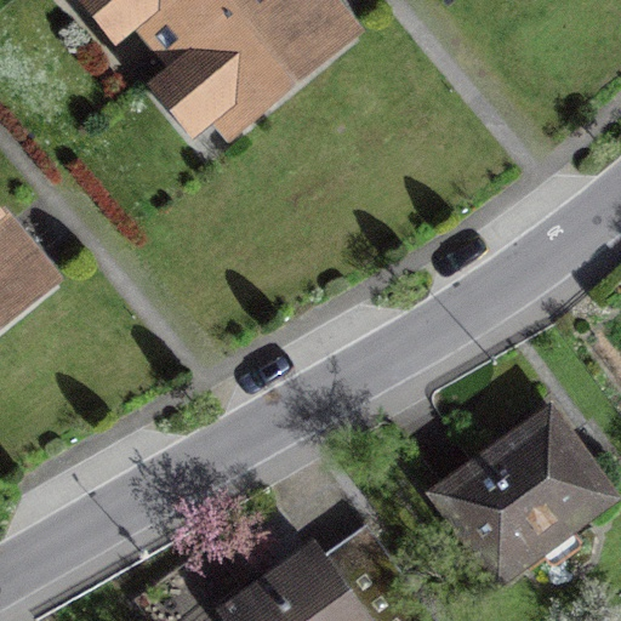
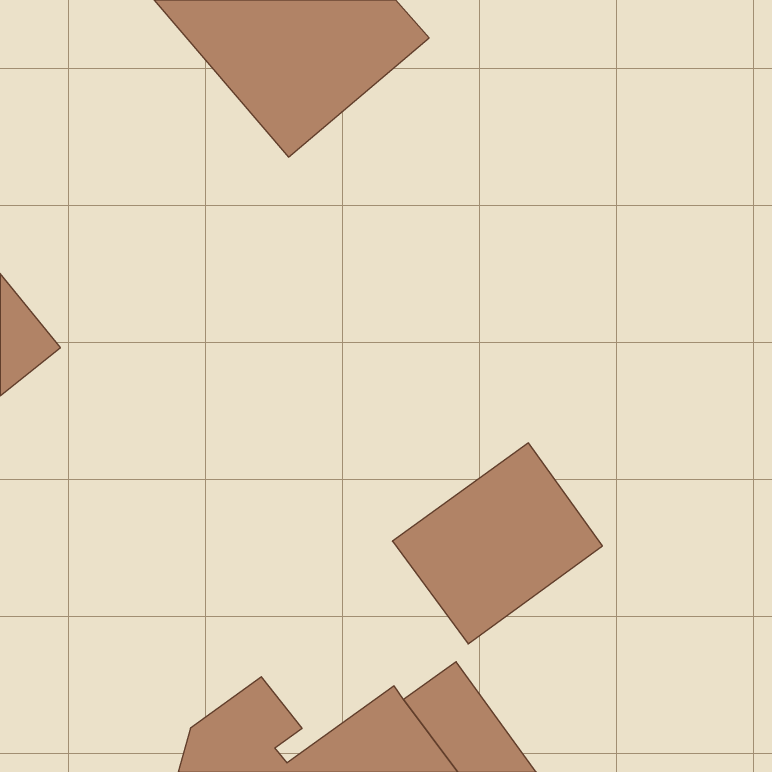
building: [439,415,608,576] -> [392,443,602,644]

